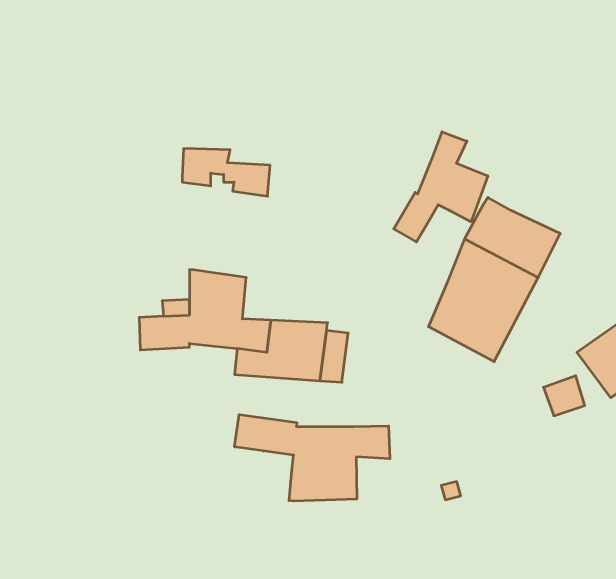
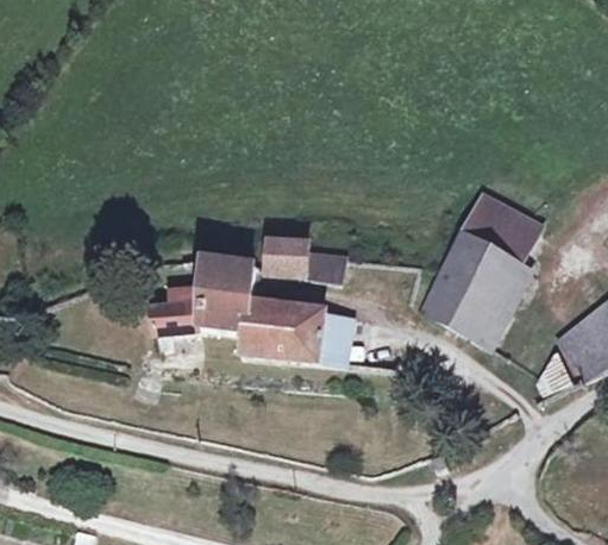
building: [394,132,488,242] -> none
building: [182,149,270,196] -> [265,240,346,284]
building: [235,415,390,501] -> none

